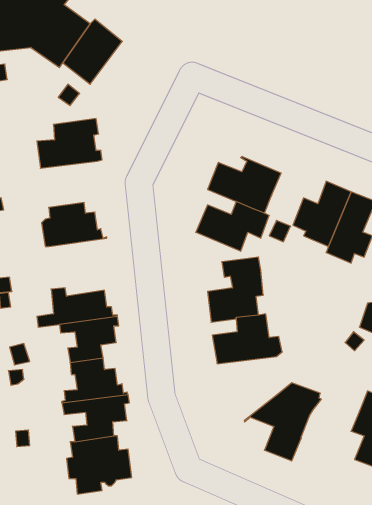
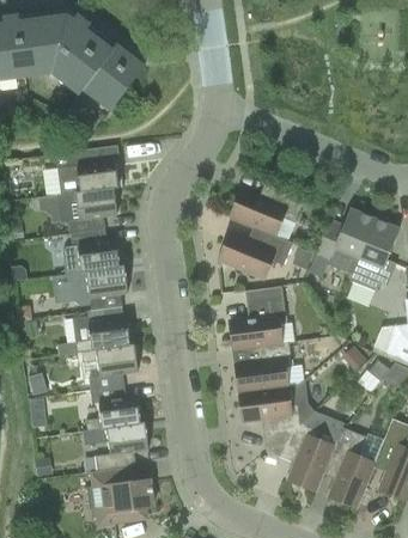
building: none -> [56,189,120,236]
building: none -> [69,267,130,311]
building: none -> [239,381,315,451]
building: none -> [324,429,383,508]

